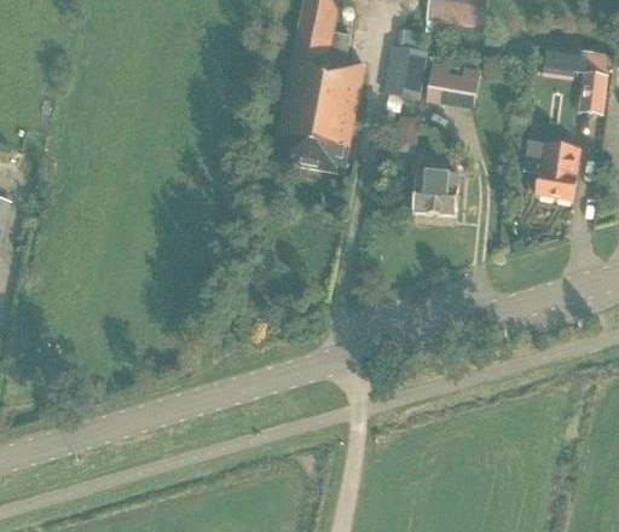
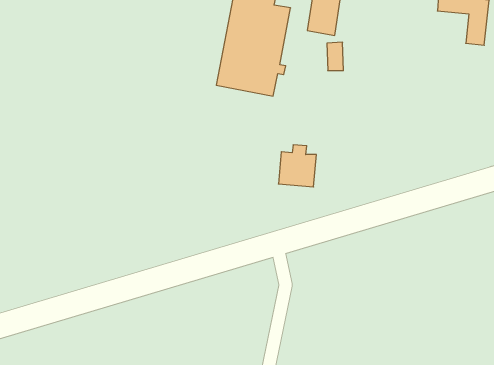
building: [427,66,480,103] -> none
building: [536,144,579,200] -> none
building: [411,162,458,214] -> [278,145,316,187]

